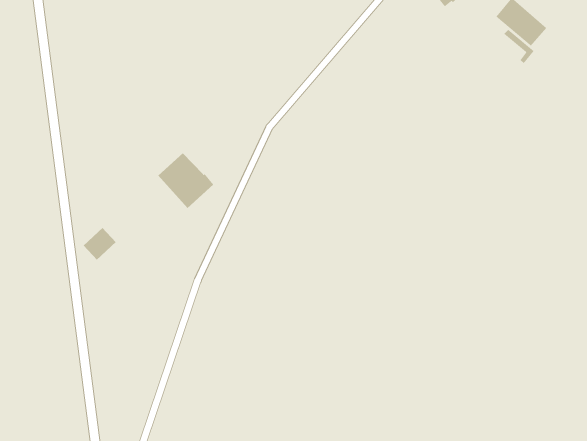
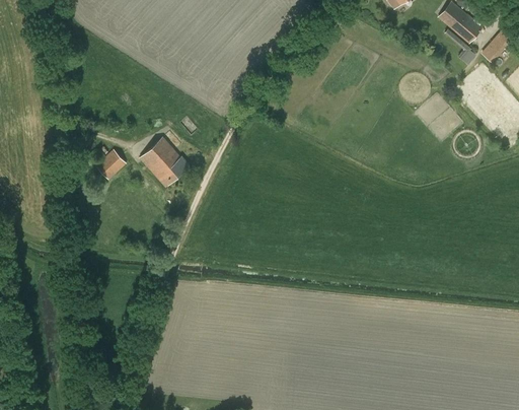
building: none -> [485,28,512,57]
building: [83,227,116,261] -> [95,149,125,179]

